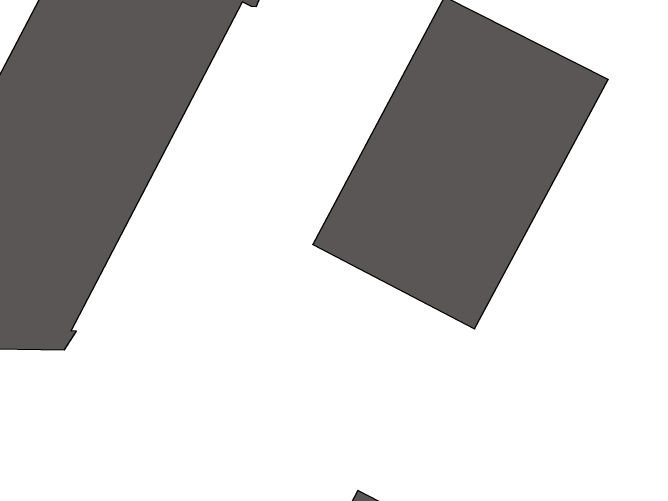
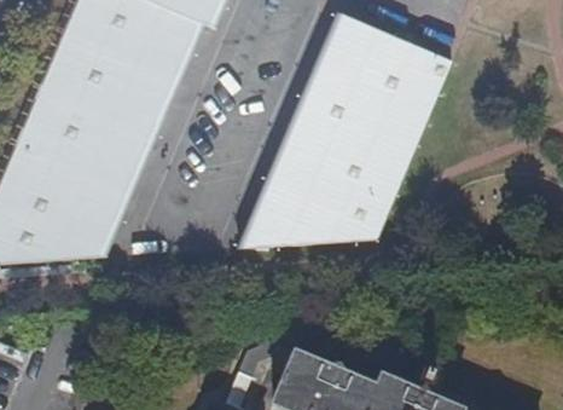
building: none -> [231,186,373,253]

